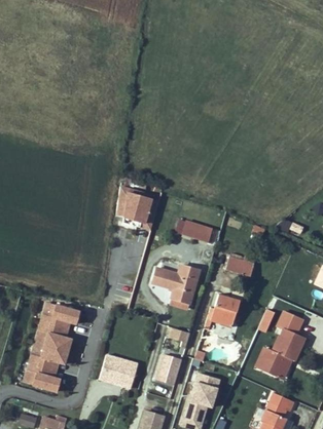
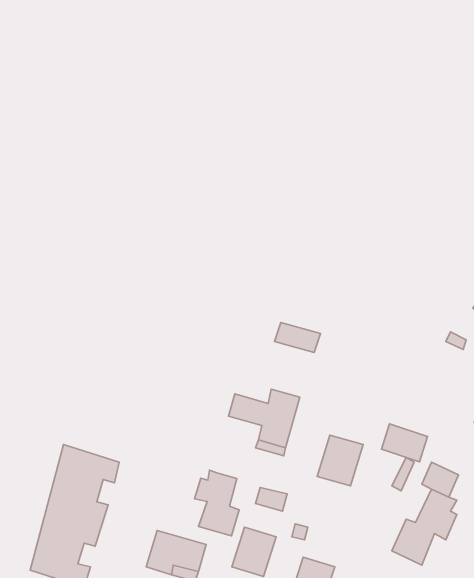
building: [116,189,158,231] -> none
building: [225,251,255,276] -> [381,424,427,462]
building: none -> [194,470,239,536]

